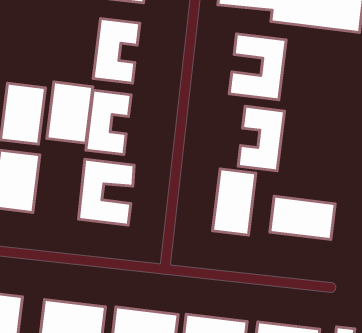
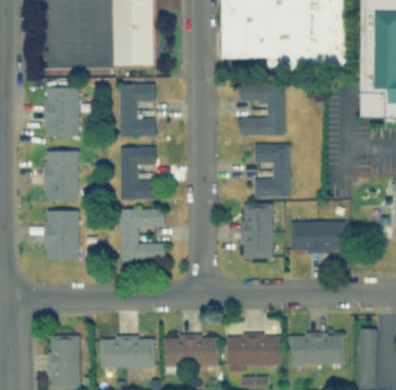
building: [47,82,93,143] -> [44,87,79,137]

